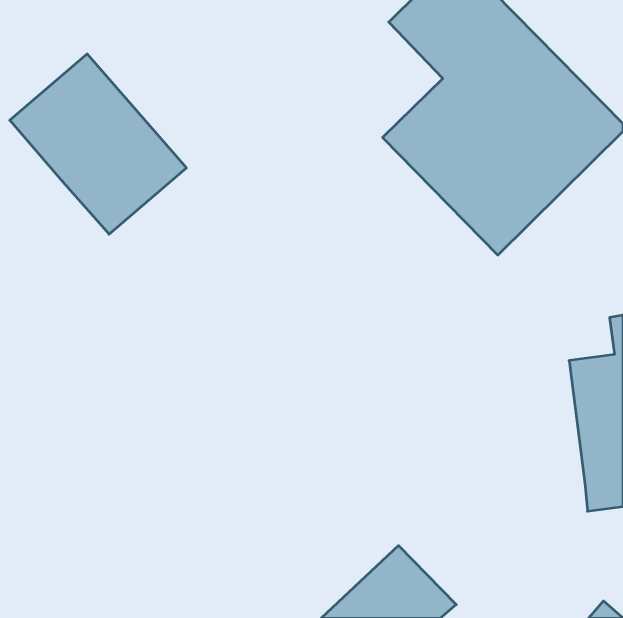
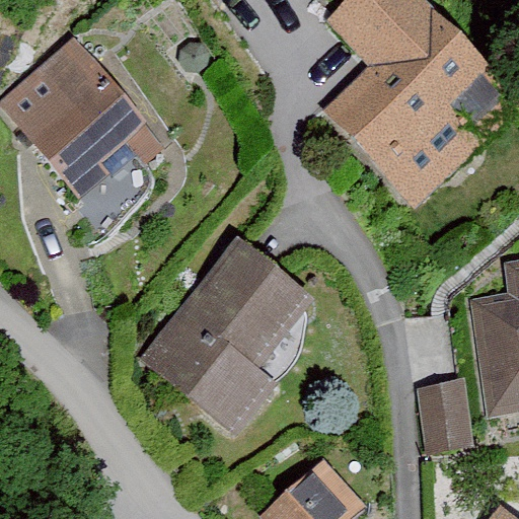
building: none -> [144,237,314,432]
building: none -> [418,374,483,453]

